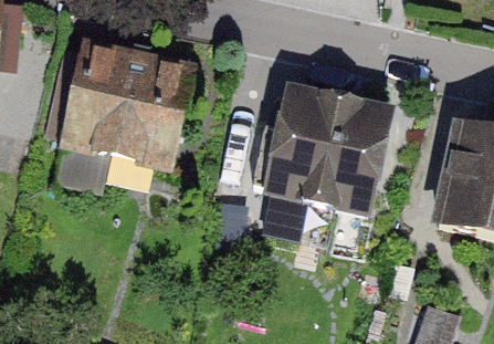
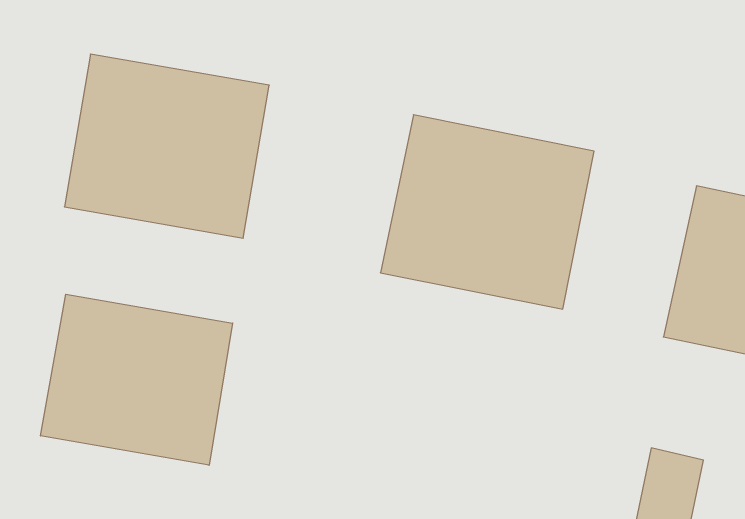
building: none -> [41,294,233,465]

